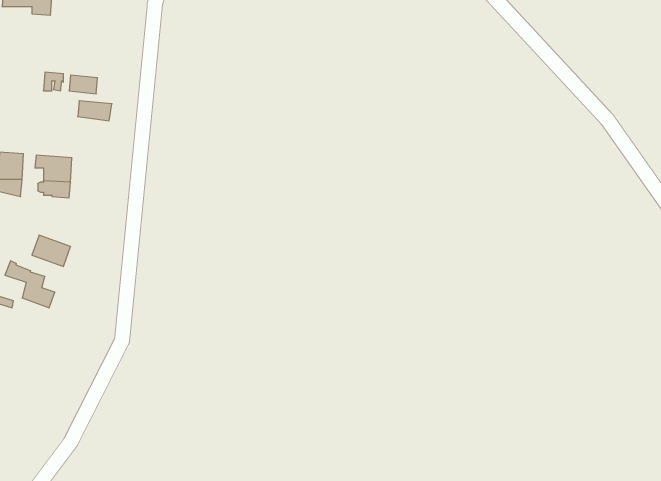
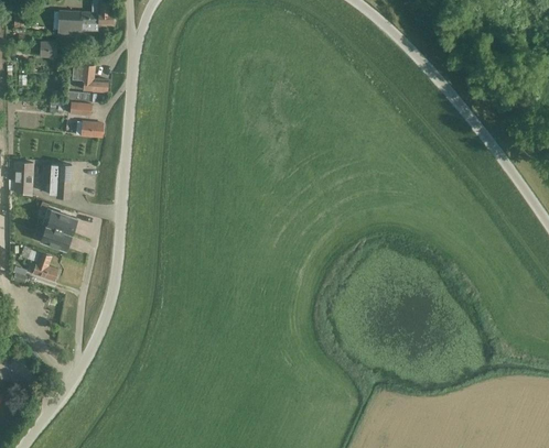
building: none -> [69,62,108,91]
building: none -> [46,209,76,233]

